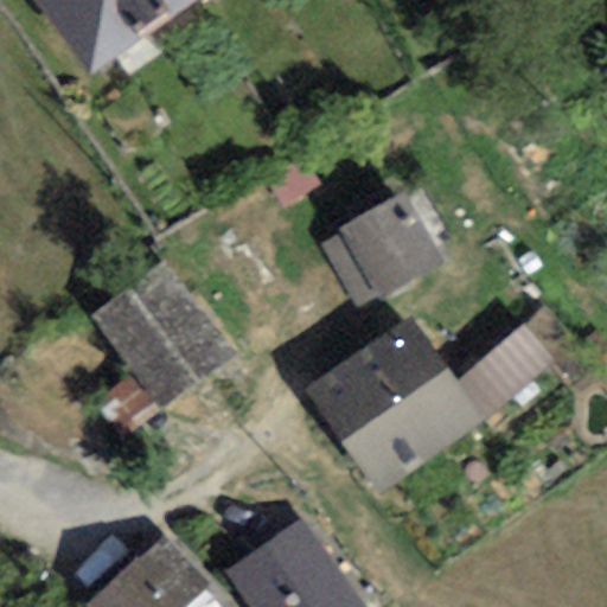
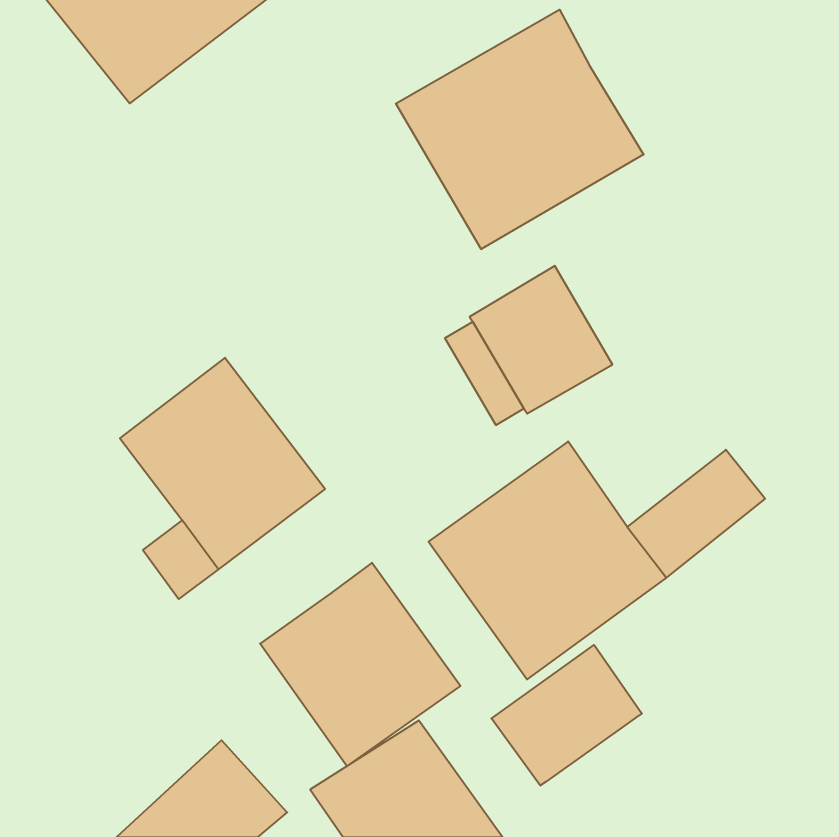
building: none -> [396,10,644,249]
building: none -> [260,563,460,766]
building: none -> [491,645,642,786]

